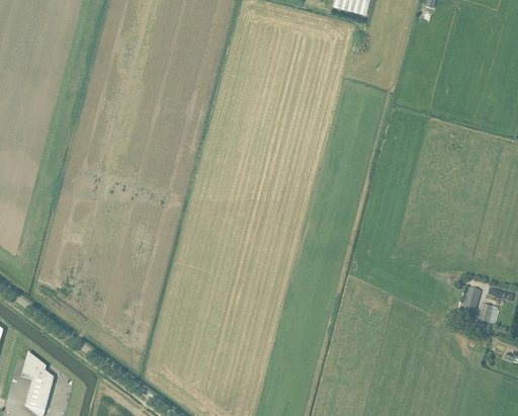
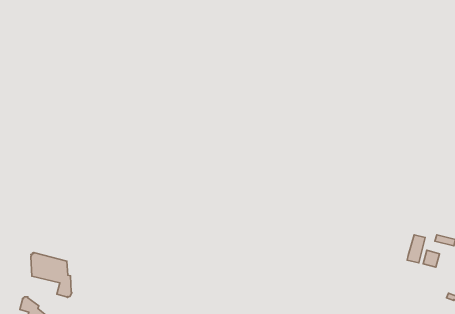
building: none -> [31,252,72,297]

